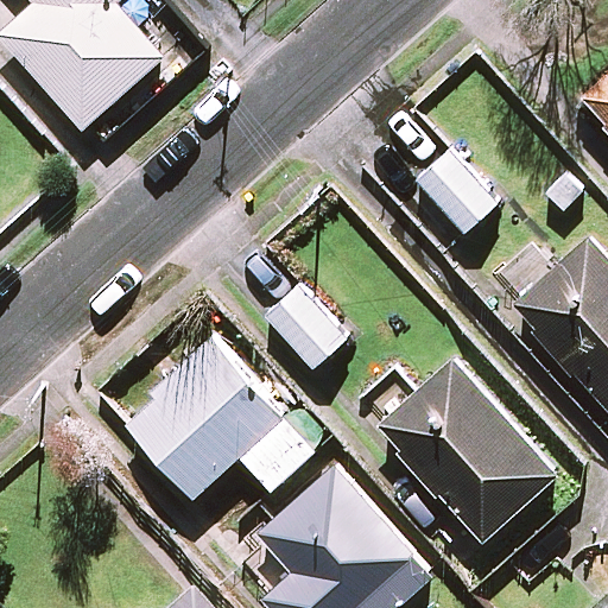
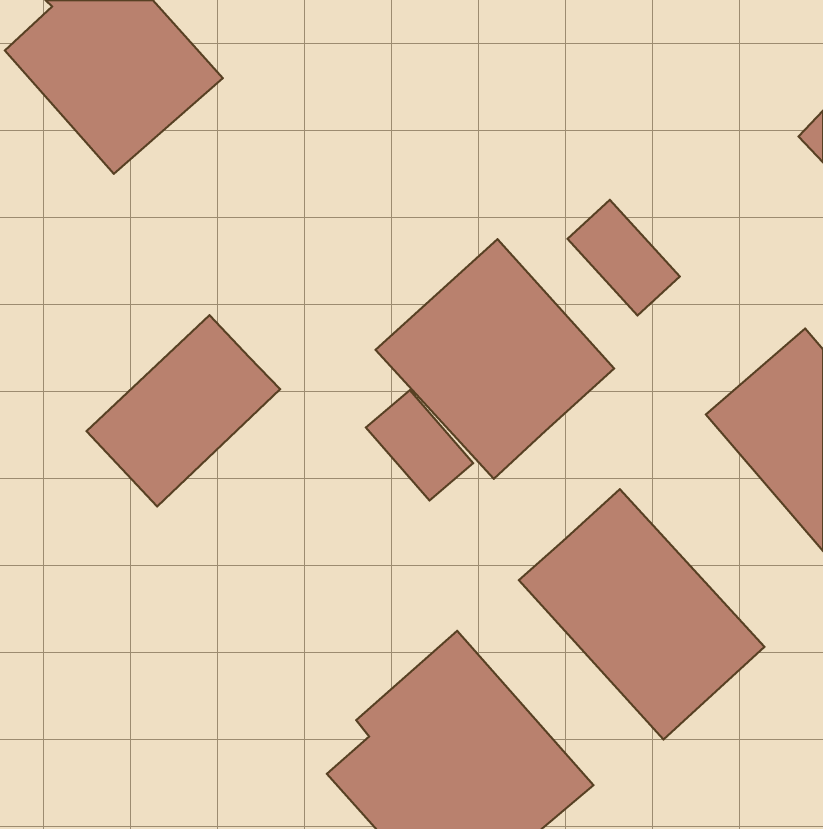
building: none -> [376,239,614,479]
building: none -> [86,315,280,506]
building: [125,338,316,495] -> none

